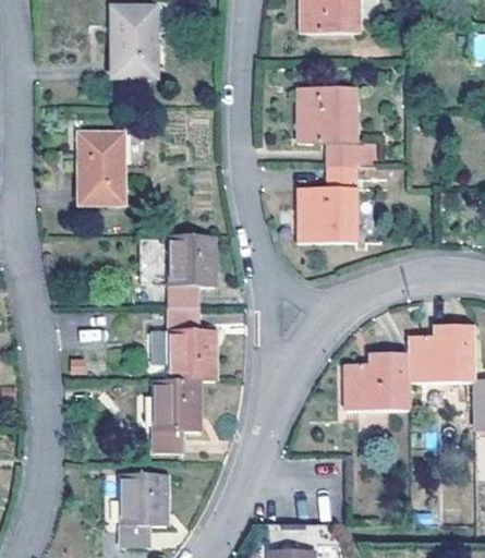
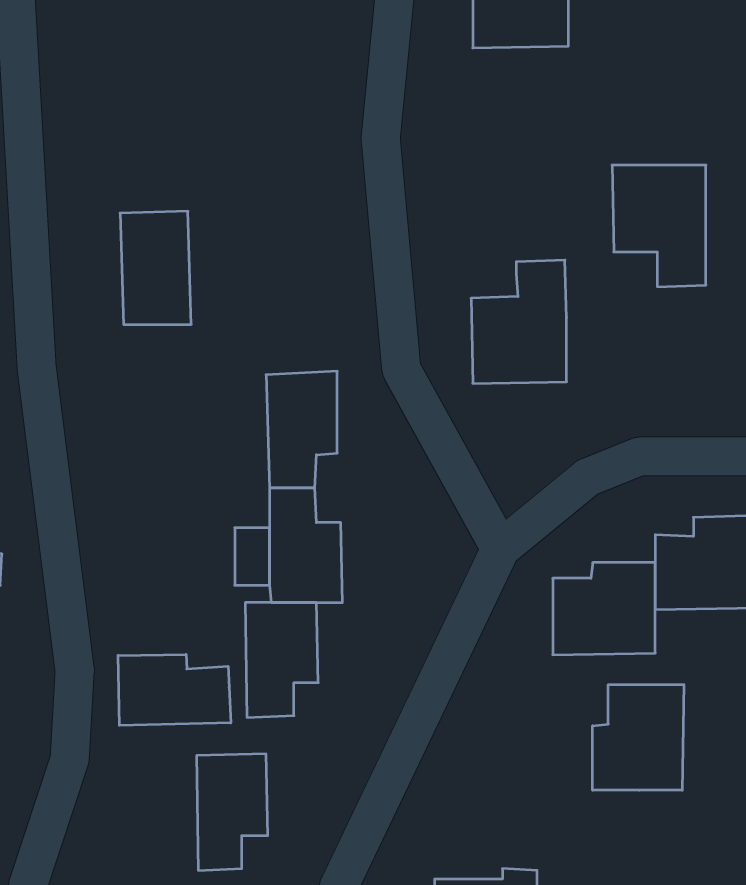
building: [109,8,156,78] -> none
building: [296,88,355,165] -> [612,165,706,287]
building: none -> [118,654,231,725]
building: none -> [593,685,684,790]

